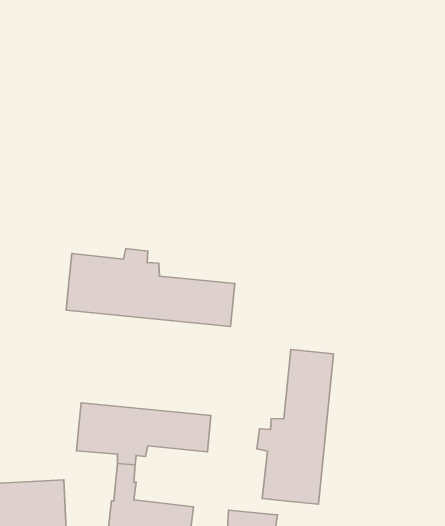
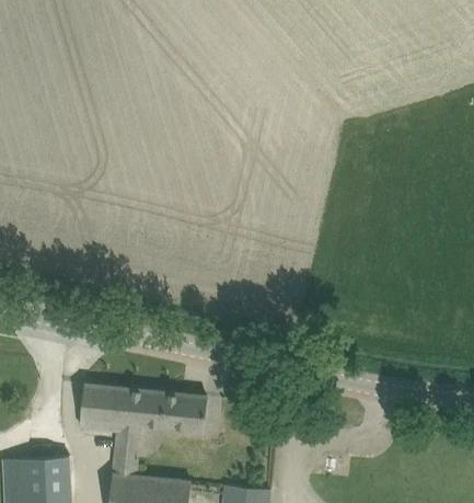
building: [66,248,235,326] -> none
building: [257,349,333,504] -> none

